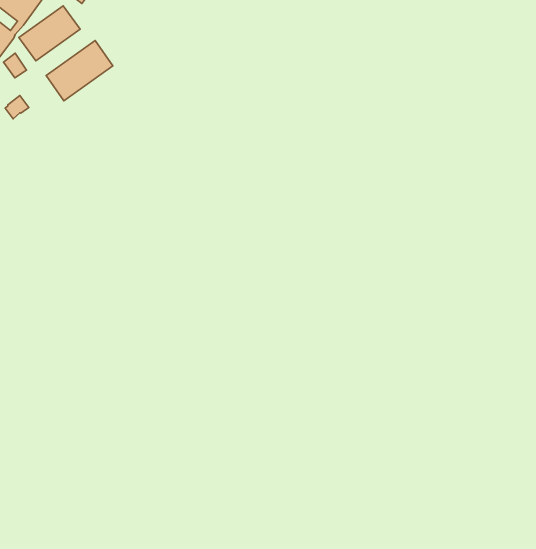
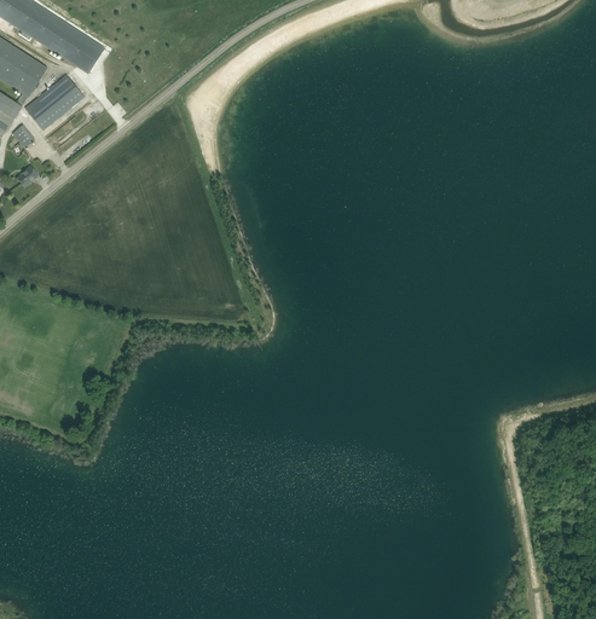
building: [46,40,113,101] -> none

